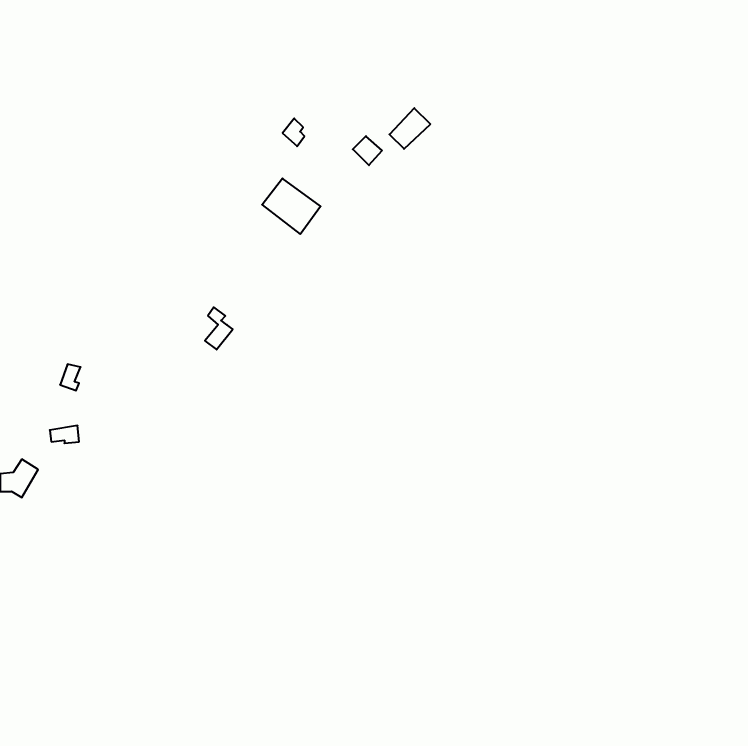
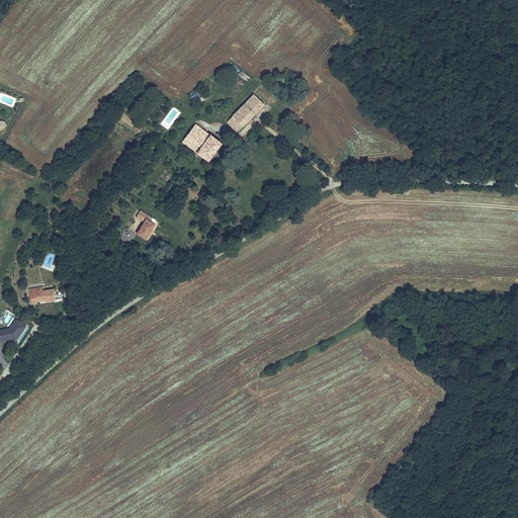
building: [389,108,430,149] -> [227,103,255,132]

